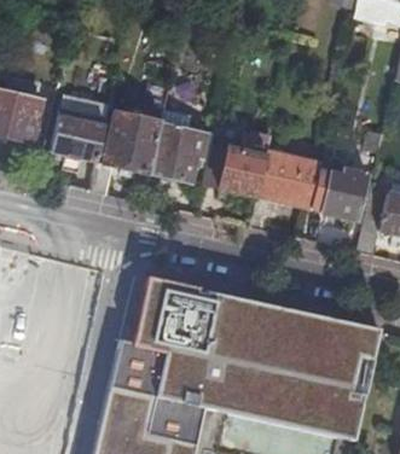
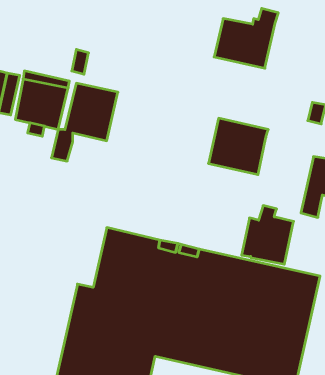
building: [151,110,210,184] -> none
building: [205,134,274,198] -> [214,8,278,68]
building: [313,157,369,220] -> [242,206,294,264]

